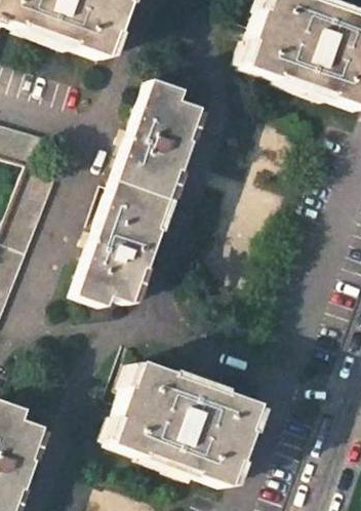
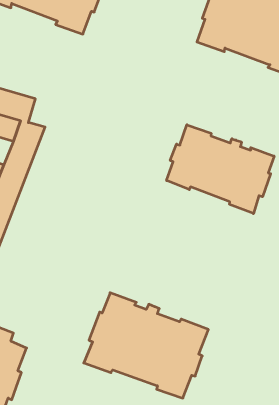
building: [77,81,201,305] -> none
building: none -> [167,125,274,214]

